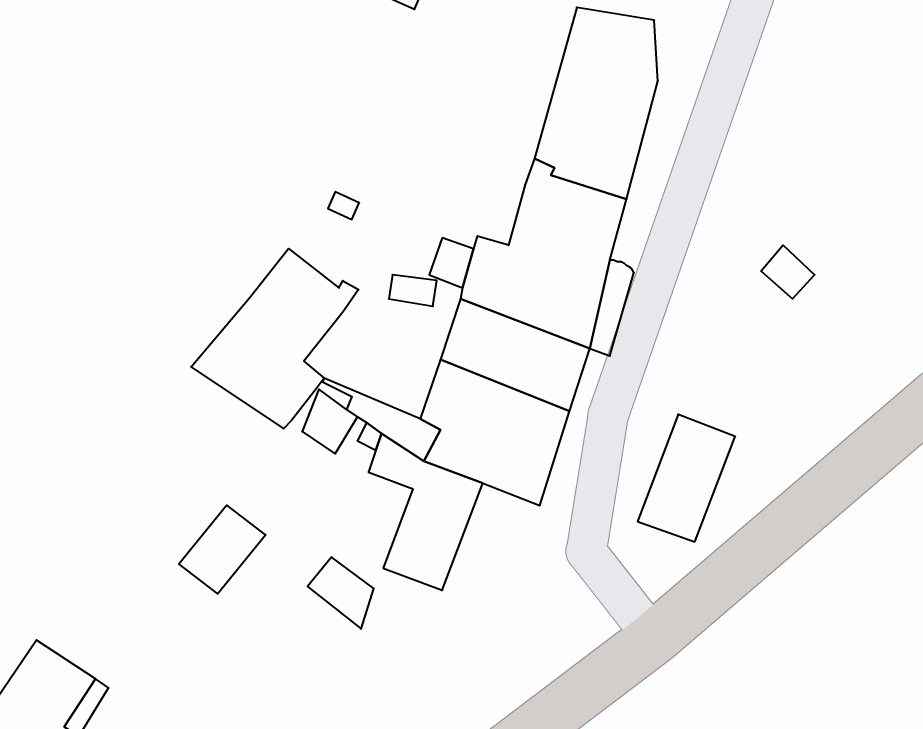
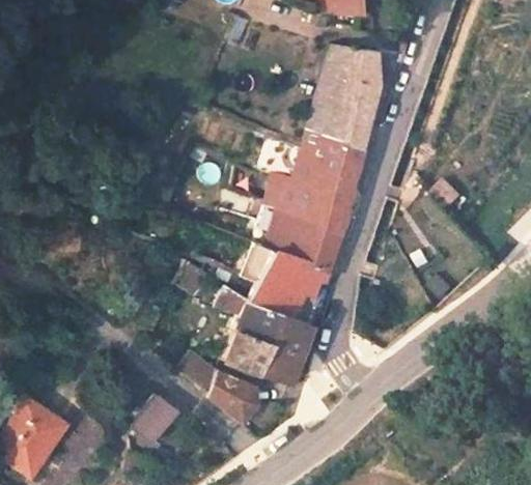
building: [191,249,359,429] -> none
building: [638,414,735,542] -> [257,312,312,383]
building: [179,505,266,594] -> [132,395,180,445]
building: none -> [211,371,260,424]

